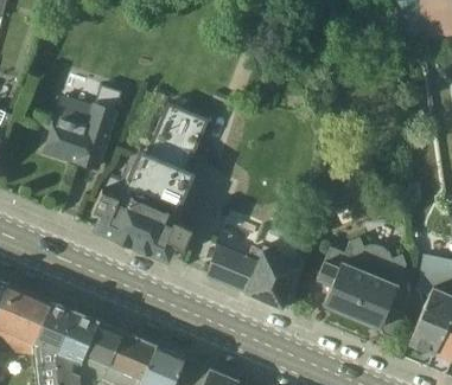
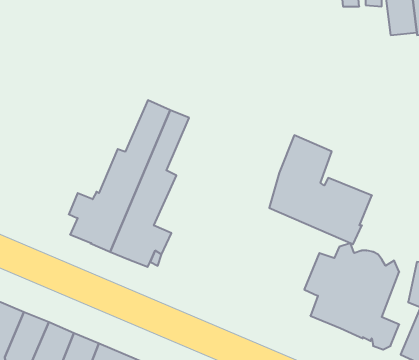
building: [40,84,122,171] -> none
building: [205,207,303,310] -> [269,135,372,244]

